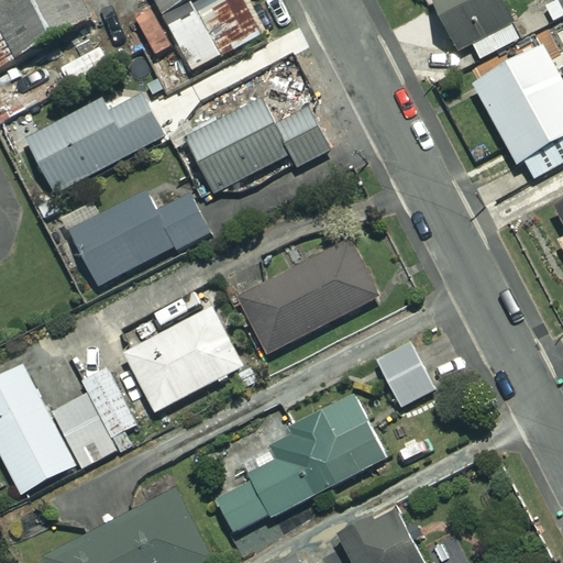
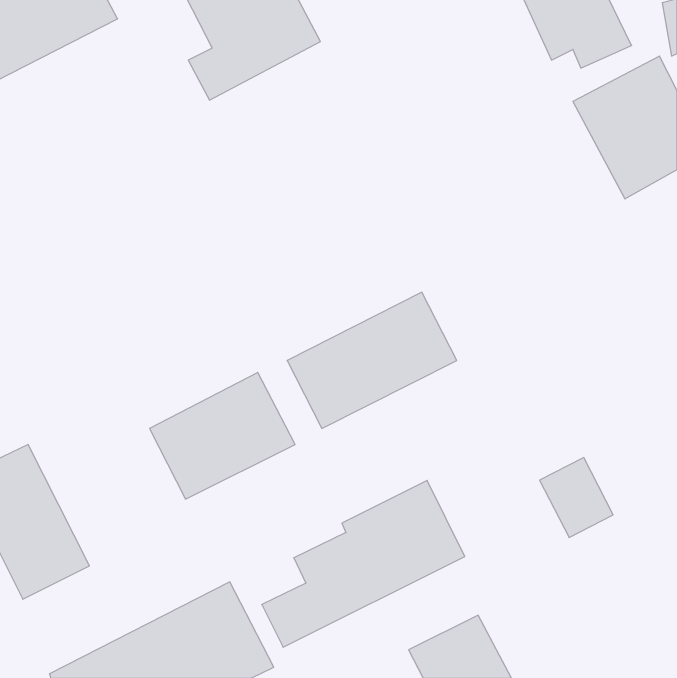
building: [25,93,166,192] -> none
building: [186,102,330,192] -> none
building: [62,191,207,285] -> none
building: [375,341,435,407] -> [540,458,613,538]
building: [55,343,141,466] -> none

